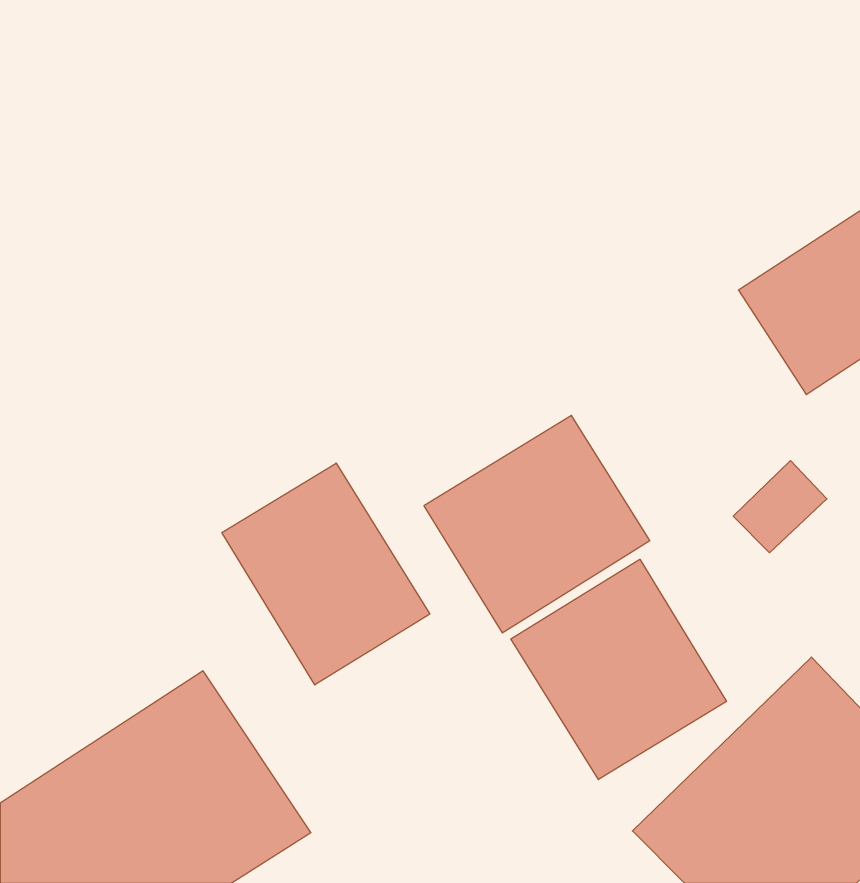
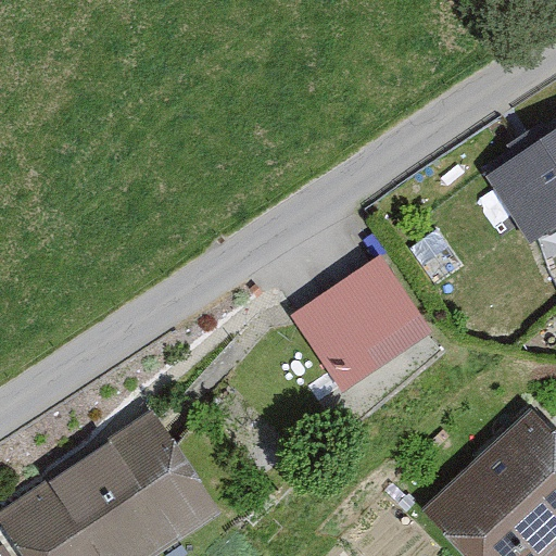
building: [222,463,430,685] -> none
building: [511,559,726,780] -> none

